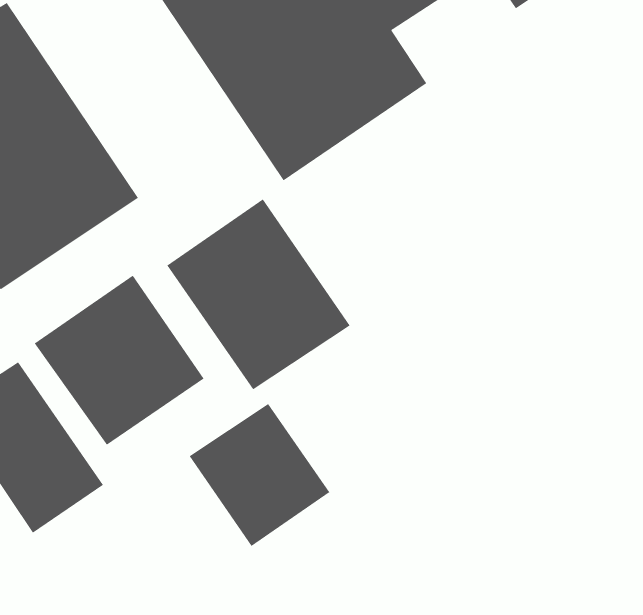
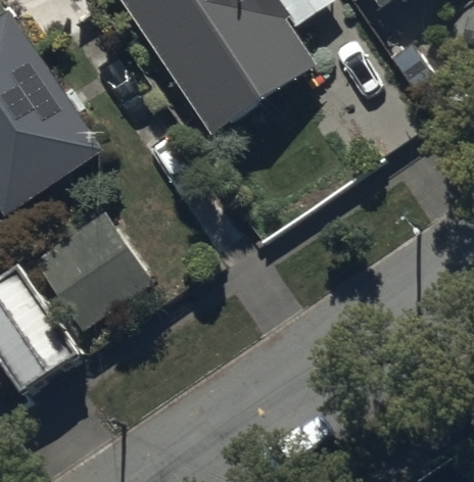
building: [167,199,351,390] -> none
building: [189,403,330,547] -> none

